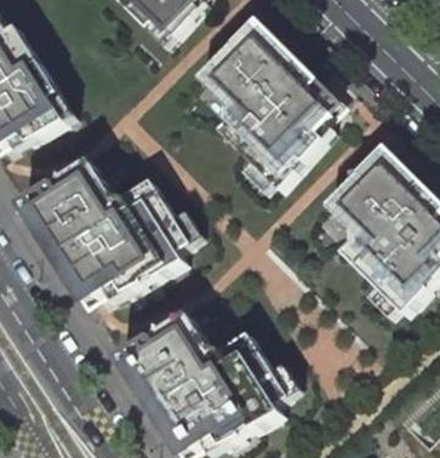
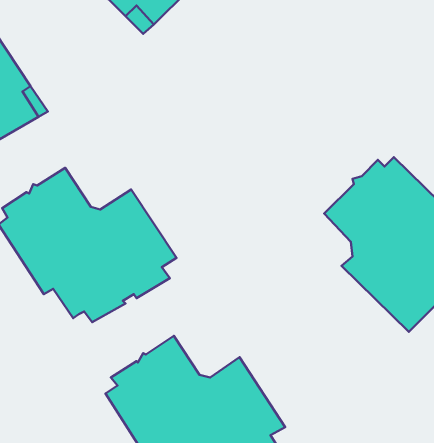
building: [195,21,330,187] -> none

